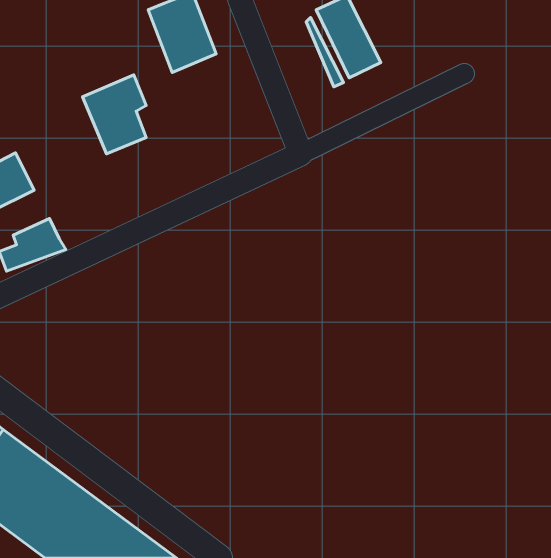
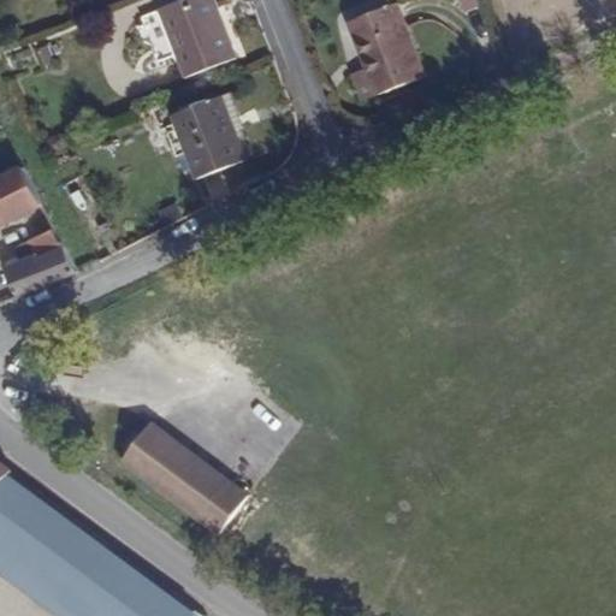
building: [82,75,146,154] -> [174,94,244,180]
building: none -> [107,426,232,538]

